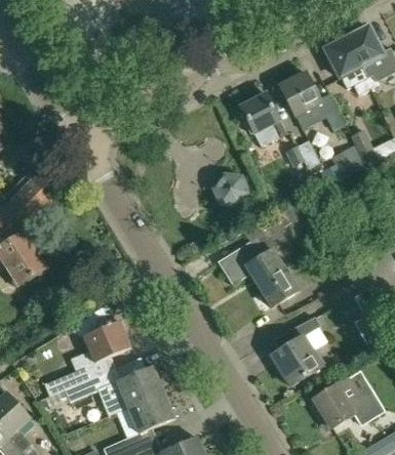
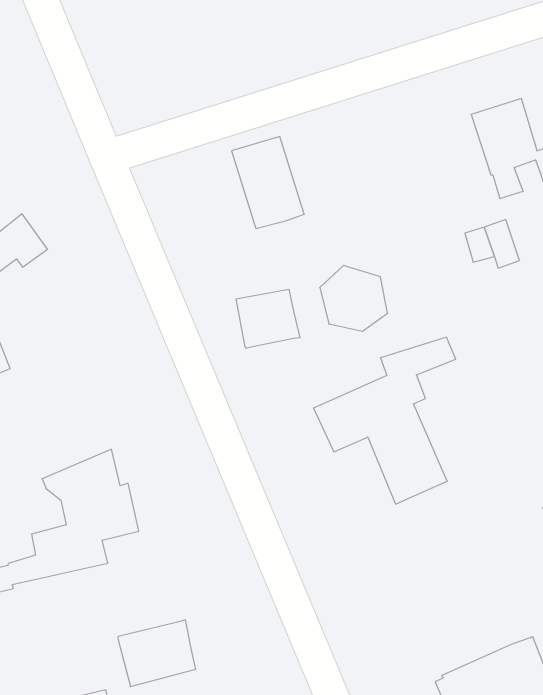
building: [239,93,285,147] -> [232,137,304,229]
building: none -> [236,289,300,348]
building: [270,318,325,386] -> none
building: [65,366,164,416] -> none

